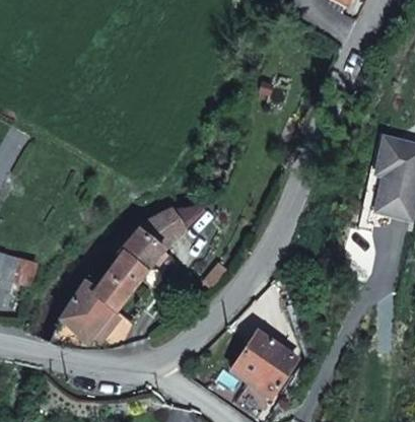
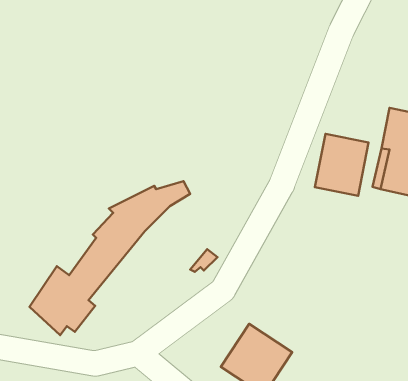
building: none -> [315,134,369,196]

